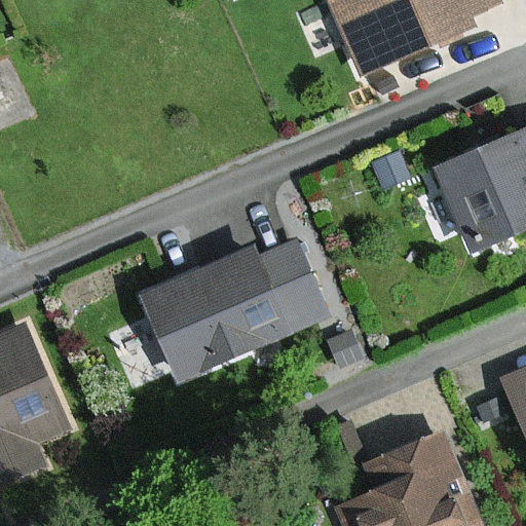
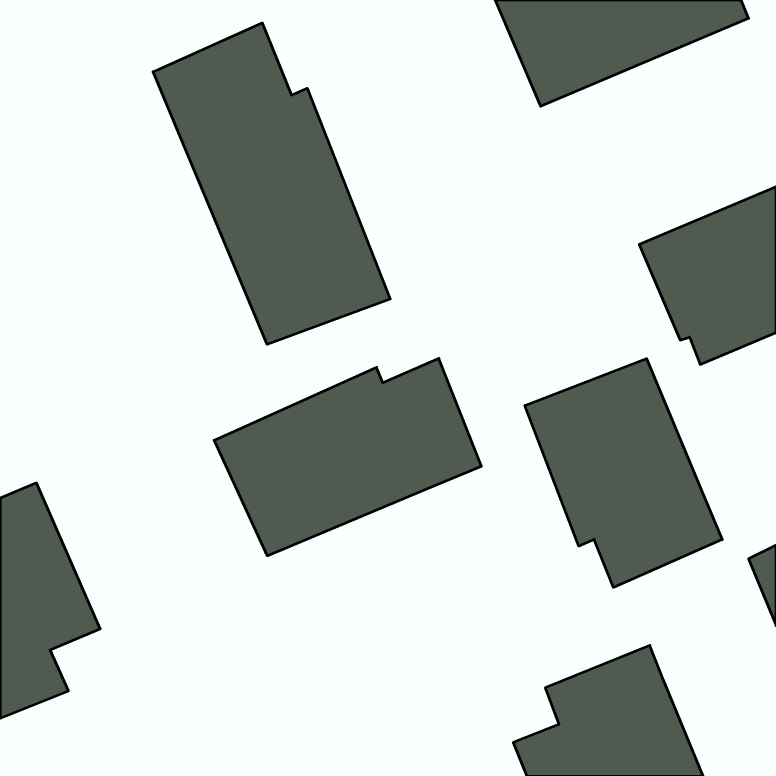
building: none -> [153,23,390,344]
building: none -> [525,359,722,587]

